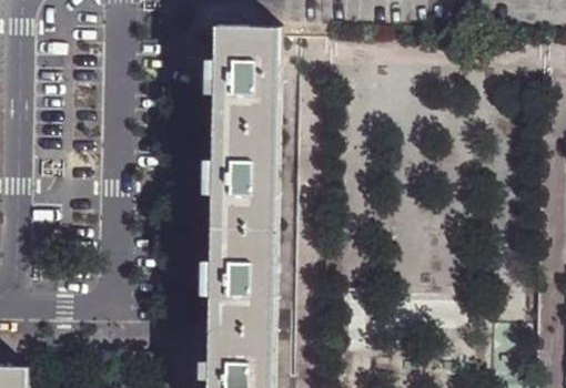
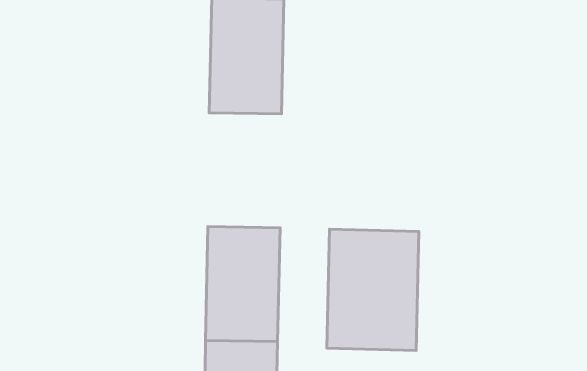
building: [210,125,274,226] -> none
building: none -> [327,229,419,350]

